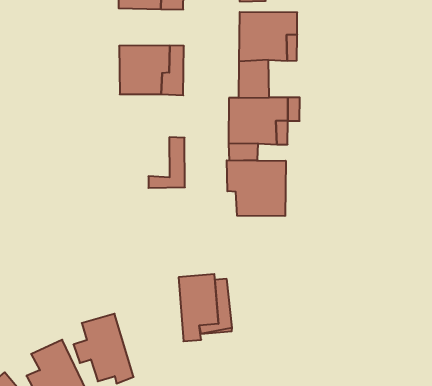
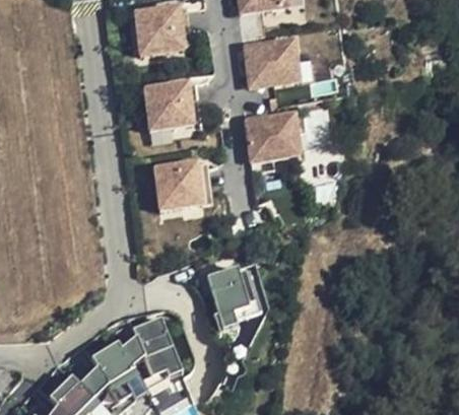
building: none -> [151,159,197,207]
building: [227,160,286,216] -> none

